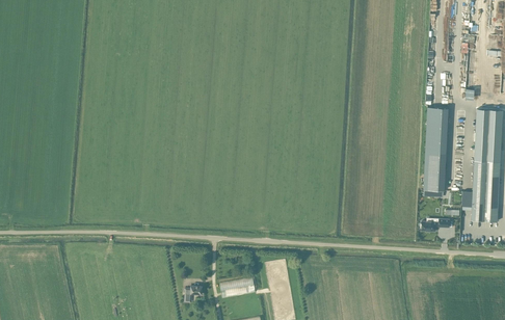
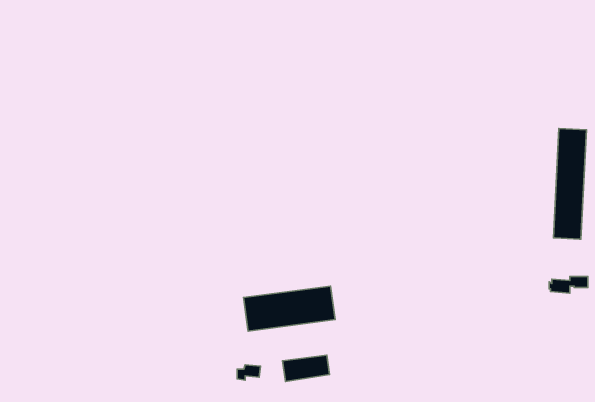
building: none -> [244,286,335,331]

